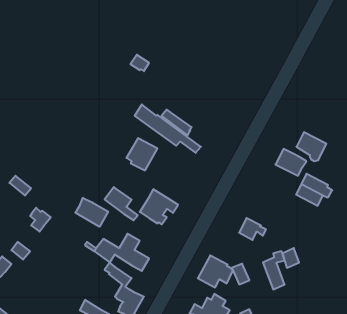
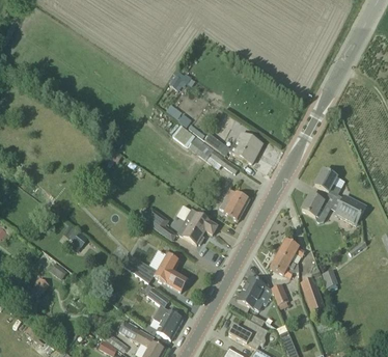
building: none -> [227,132,260,162]
building: [296,132,326,161] -> [301,193,331,222]
building: [126,138,157,170] -> [218,187,249,219]
building: [75,198,108,227] -> none
building: none -> [269,252,299,276]

